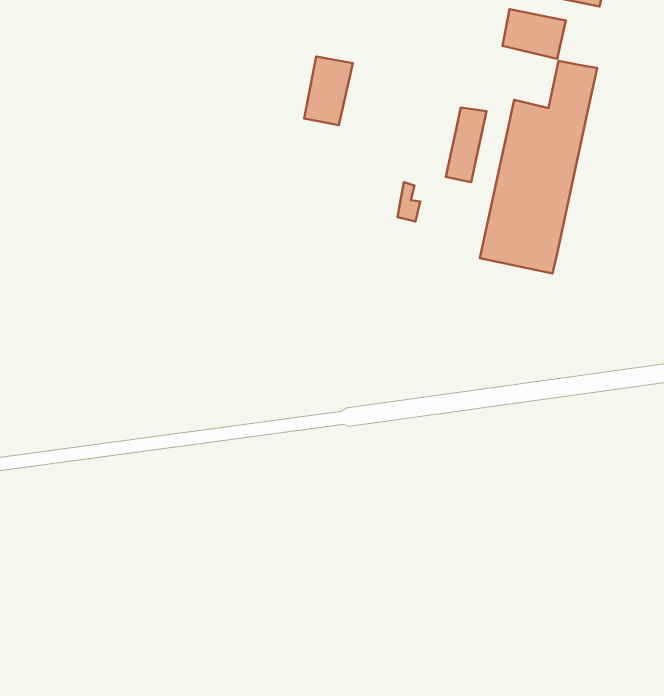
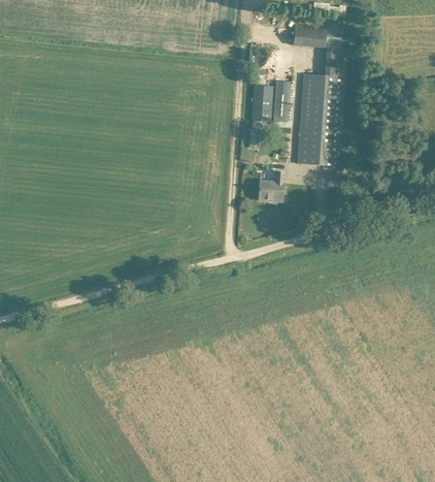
building: [304,56,353,125] -> [248,85,271,121]
building: none -> [257,171,282,201]

